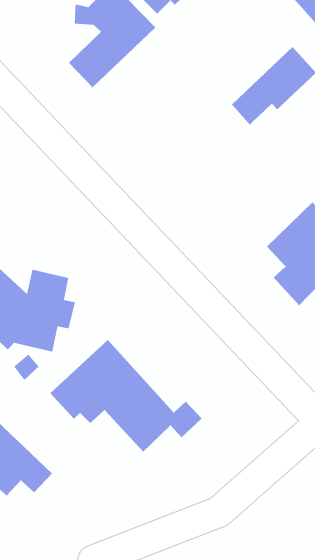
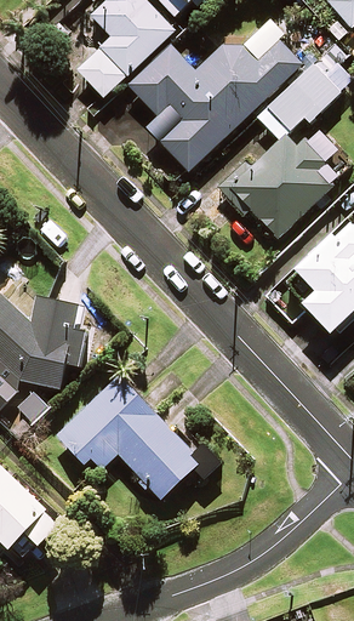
building: none -> [127,22,306,171]
building: none -> [217,131,341,238]

